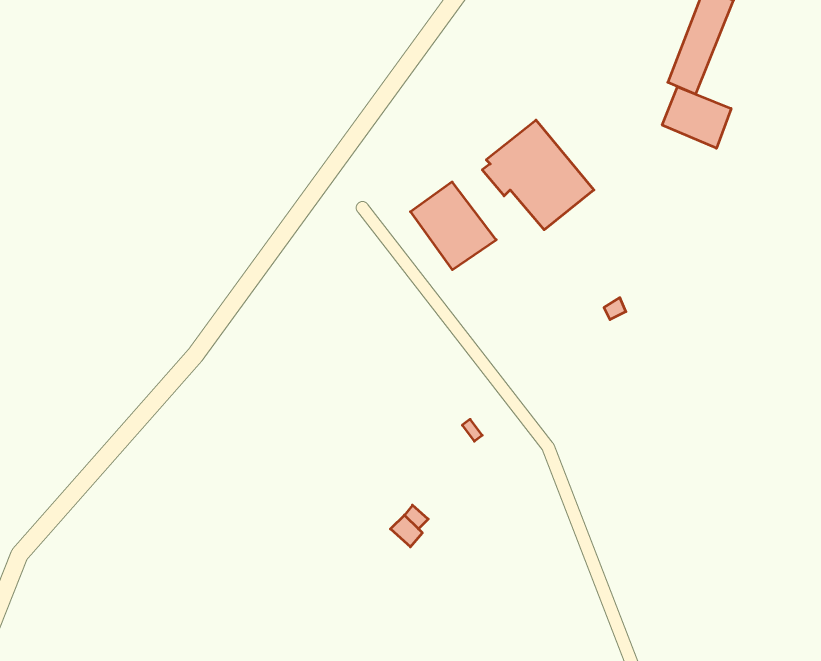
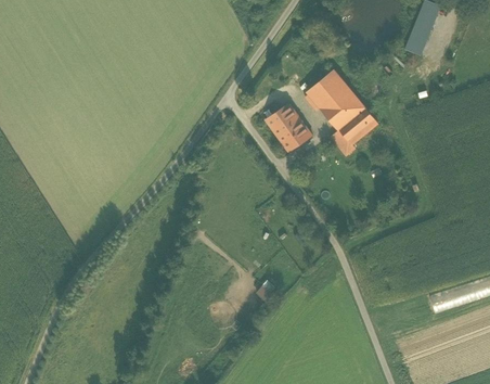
building: [662,87,731,148] -> none
building: none -> [332,108,378,155]

